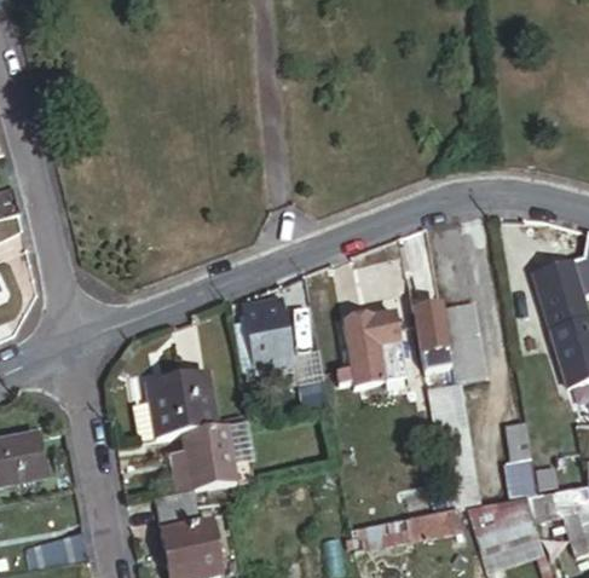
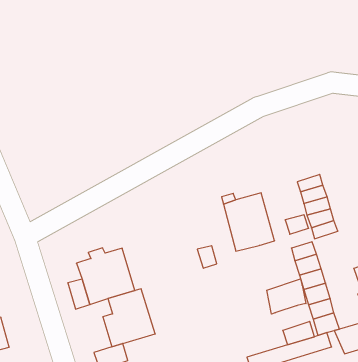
building: [246,305,289,372] -> none
building: [414,308,447,357] -> none
building: none -> [267,279,306,314]

